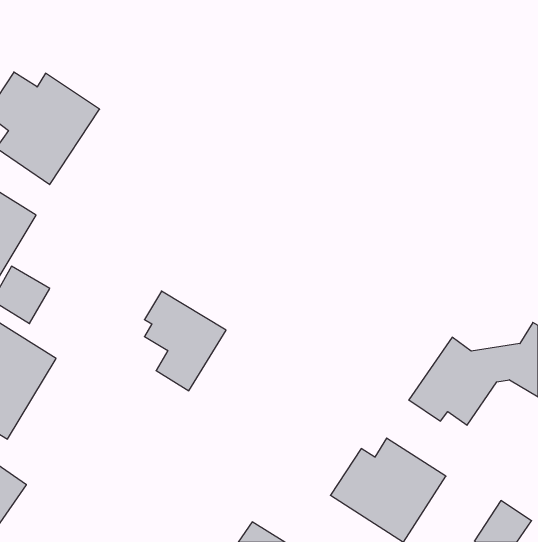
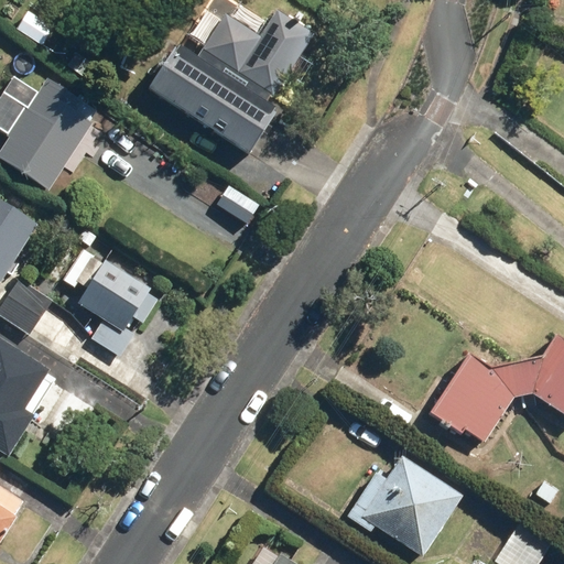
building: none -> [144,10,308,156]
building: [144,291,226,391] -> [75,253,160,357]

